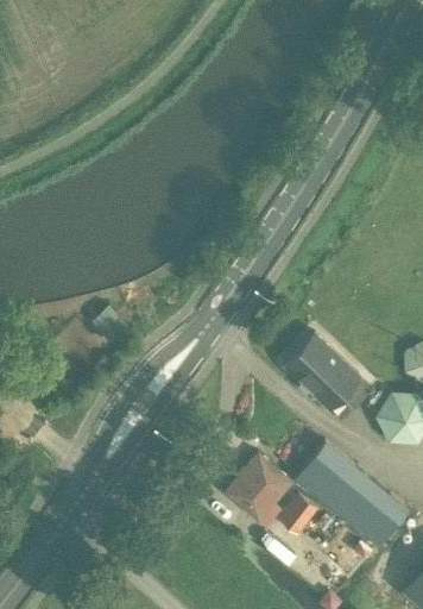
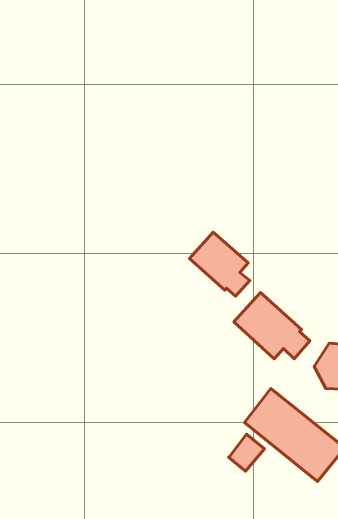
building: none -> [189,232,250,296]
building: [225,453,295,523] -> none

